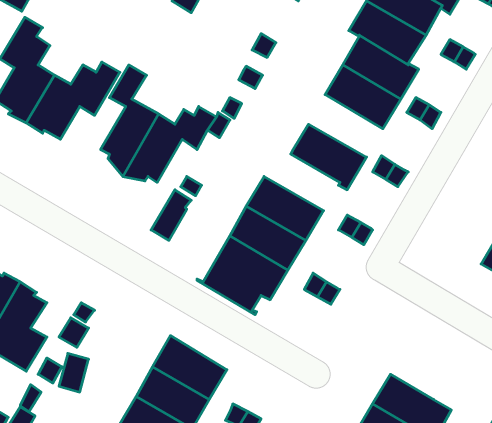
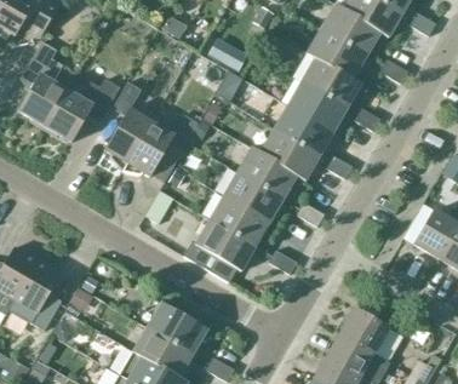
building: none -> [273,105,333,156]
building: none -> [236,147,298,200]
building: none -> [339,309,400,361]

